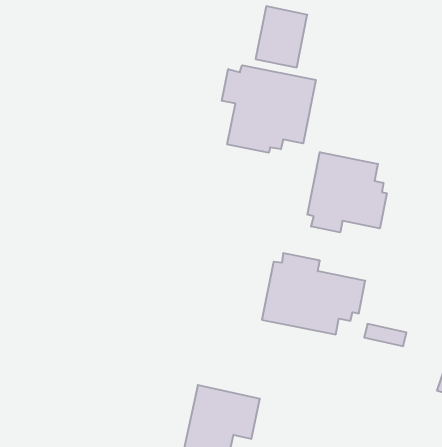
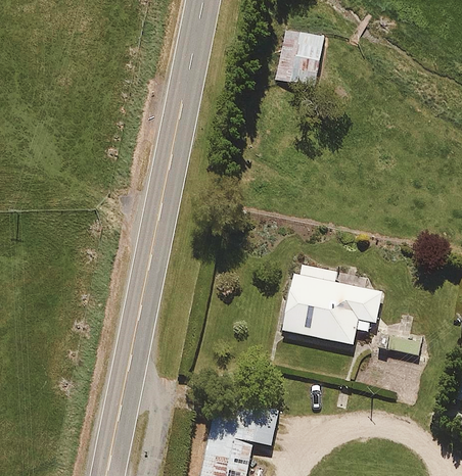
building: [222,65,316,153] -> none
building: [307,152,387,232] -> none

